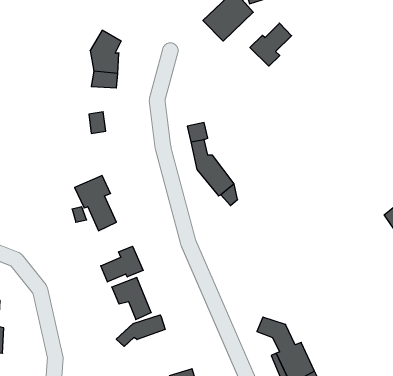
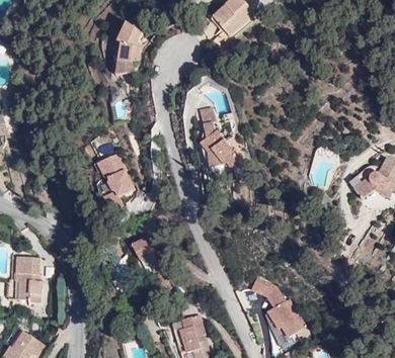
building: [250,23,292,66] -> none
building: [101,246,143,282] -> none
building: [116,315,165,346] -> none

